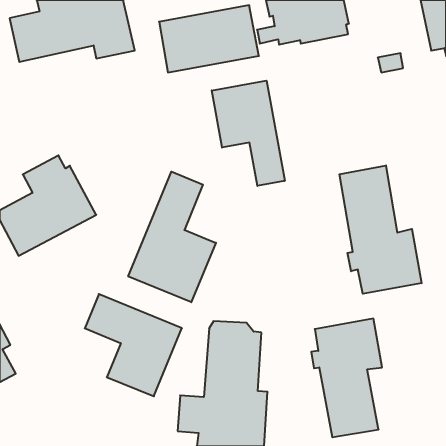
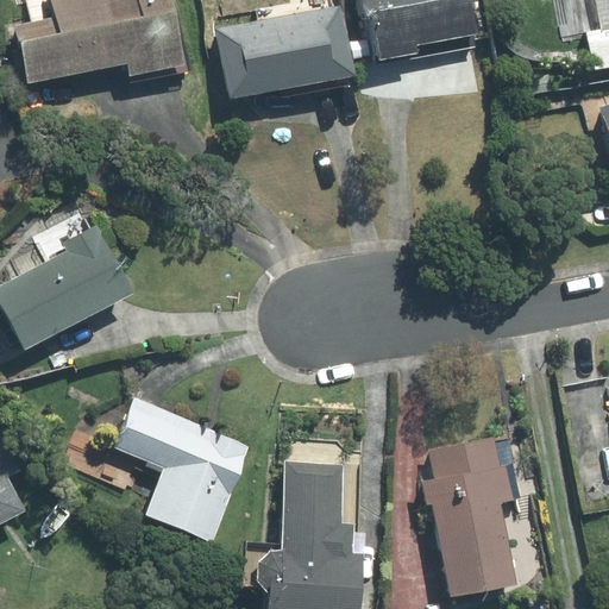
building: [212,81,285,186] -> none
building: [339,165,422,294] -> none
building: [128,172,216,302] -> none

